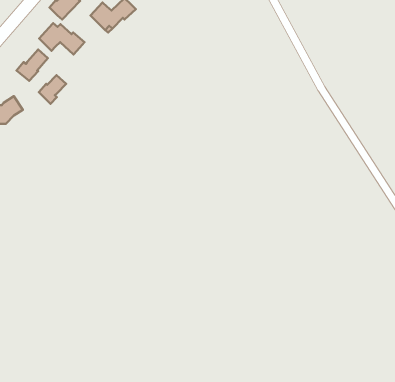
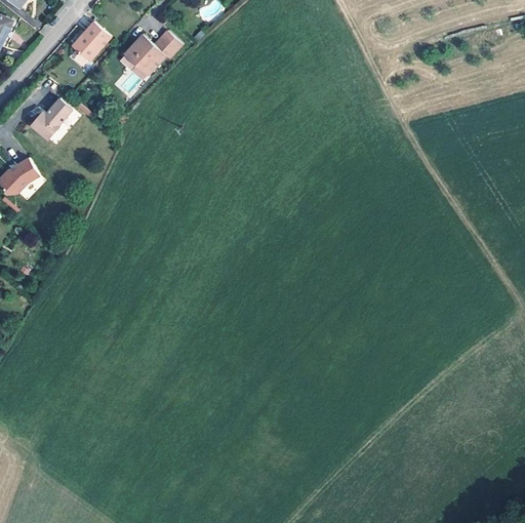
building: [39,23,85,54] -> none
building: [39,75,66,104] -> none

